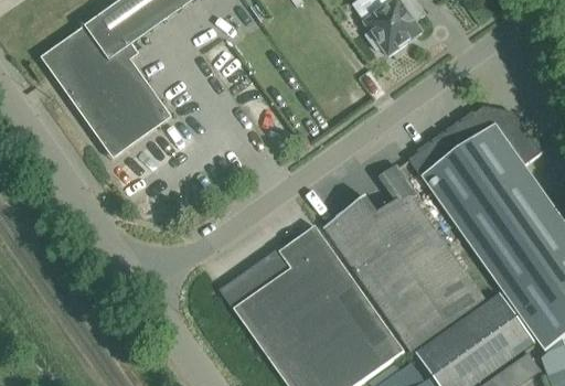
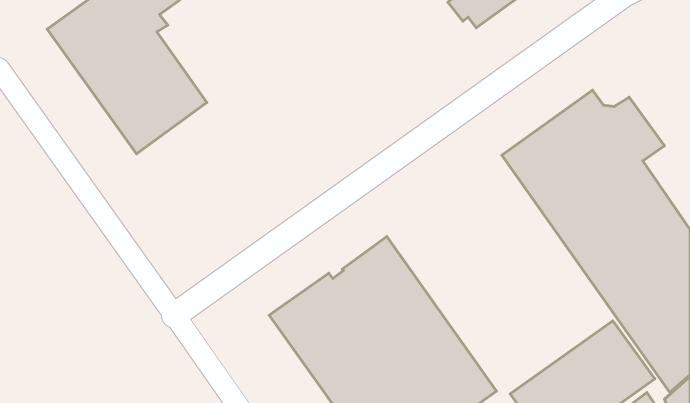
building: [323,164,484,351] -> none

